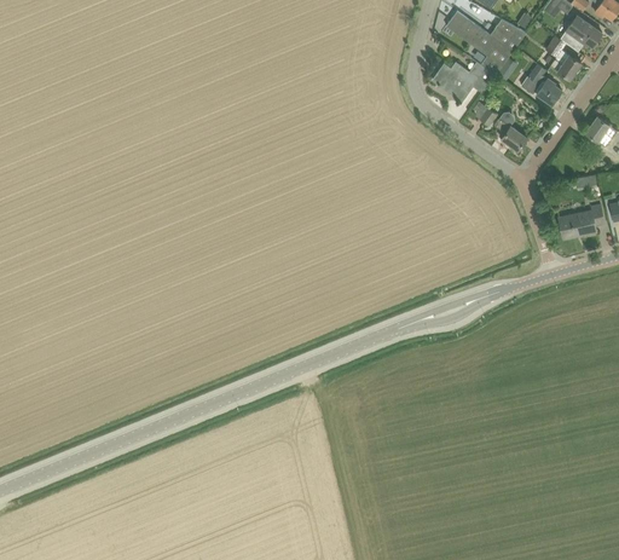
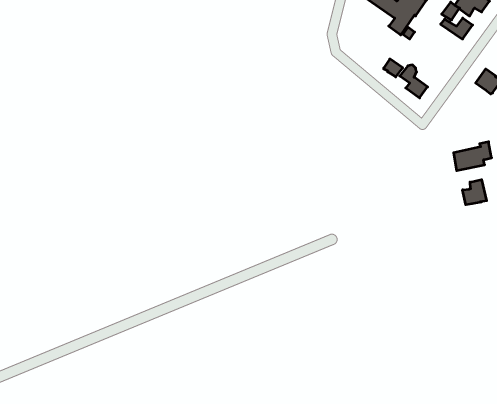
building: [432,62,493,102] -> none
building: [521,64,562,105] -> none
building: none -> [463,180,487,205]

